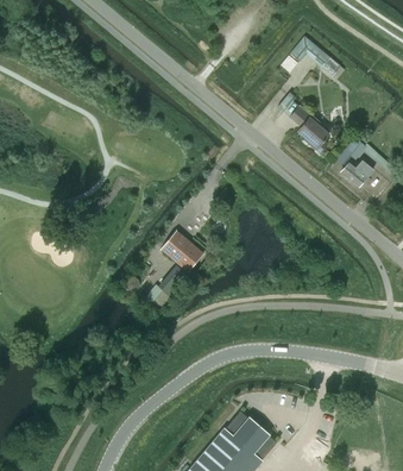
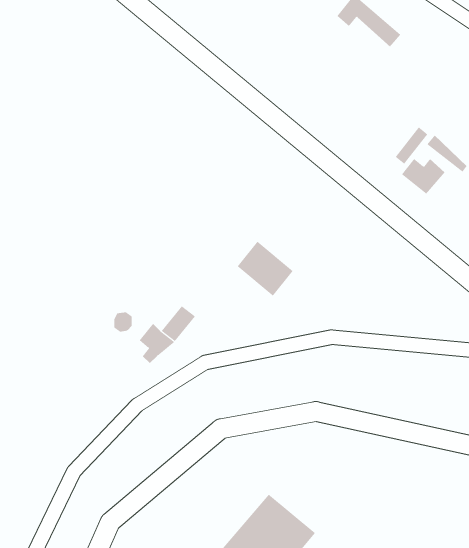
building: [289,106,328,153] -> none
building: [158,227,201,269] -> [237,241,294,296]

